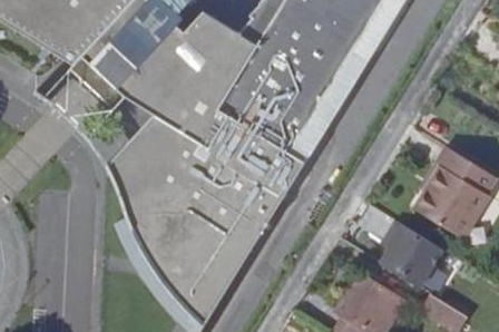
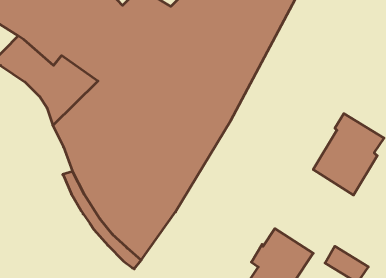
building: [379,225,447,292] -> none

